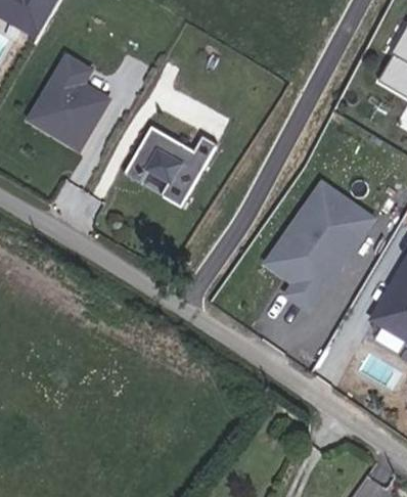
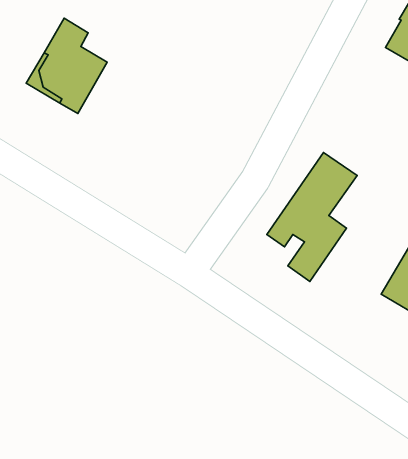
building: [119,128,213,209] -> none
building: [323,207,368,258] -> none

